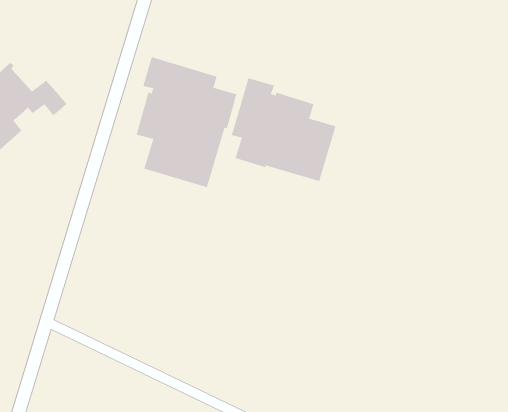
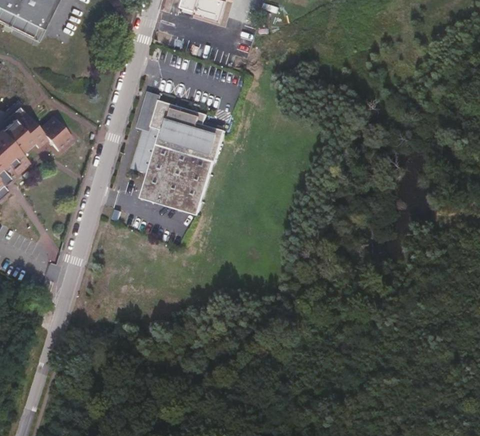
building: [231,77,336,182] -> none

